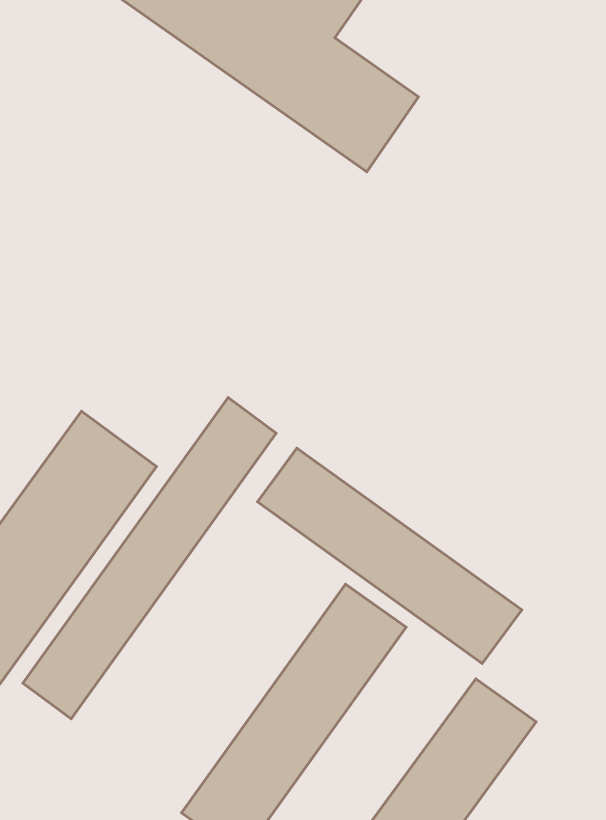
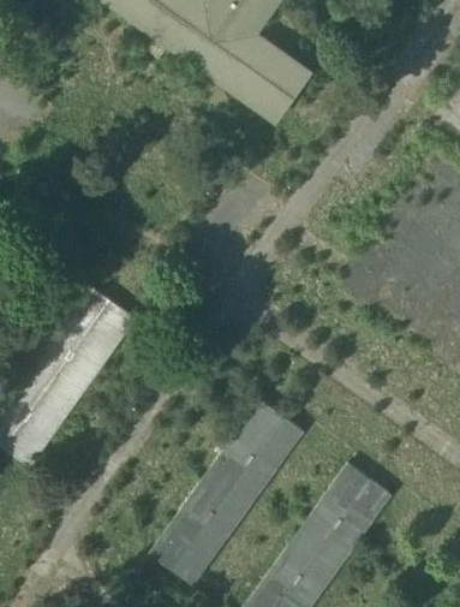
building: [23,397,276,719] -> none
building: [258,448,522,664] -> none

